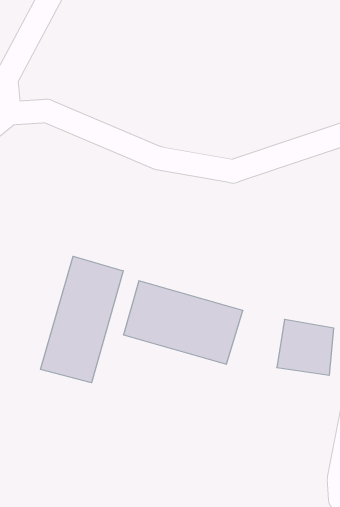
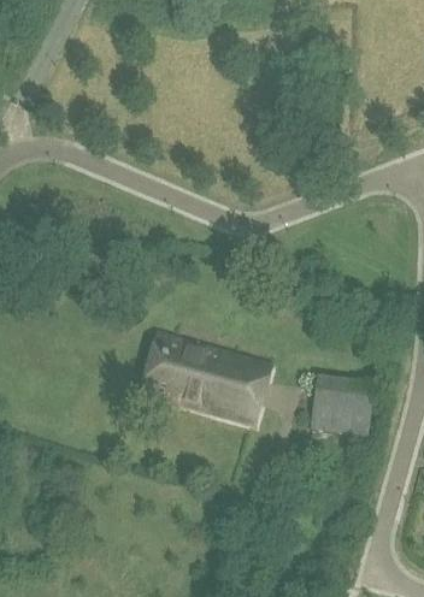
building: [41,256,123,383] -> none

